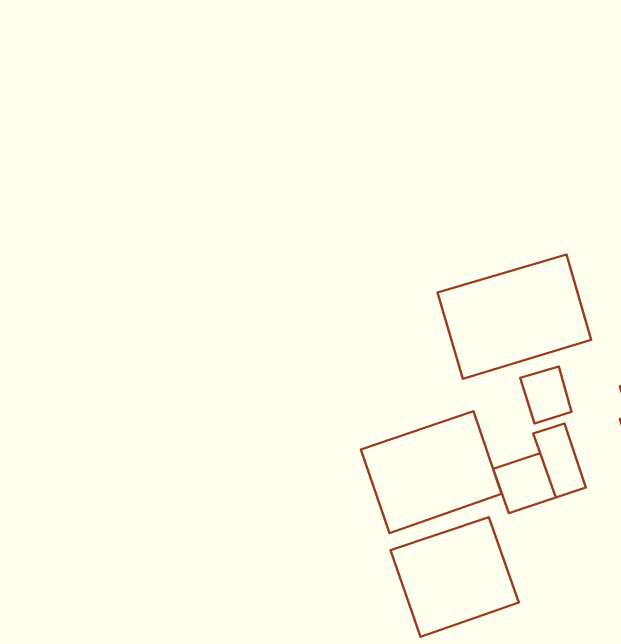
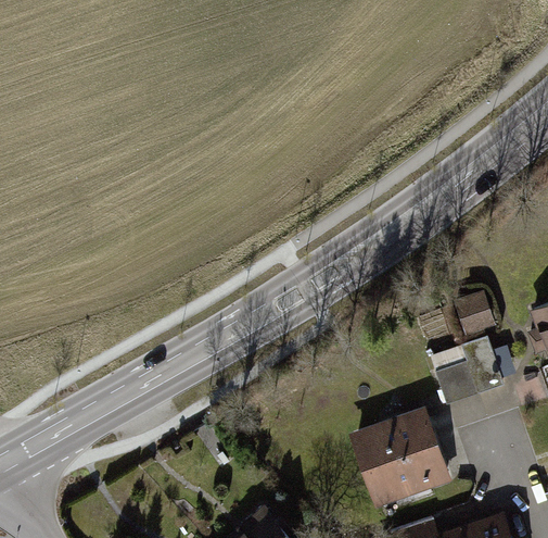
building: [437,255,591,379] -> none
building: [361,411,502,533] -> none

